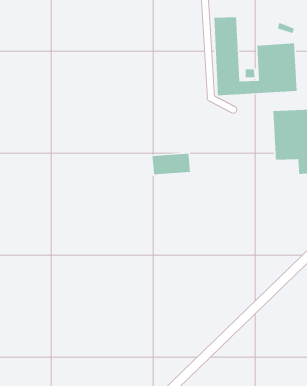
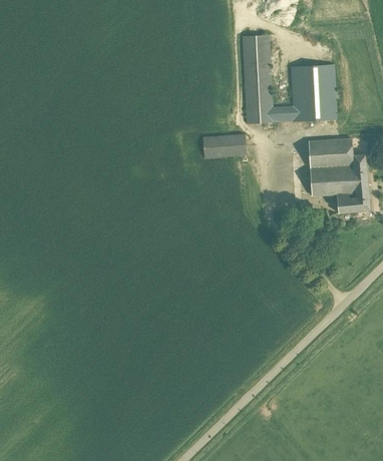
building: [152,153,191,175] -> [202,133,246,158]

